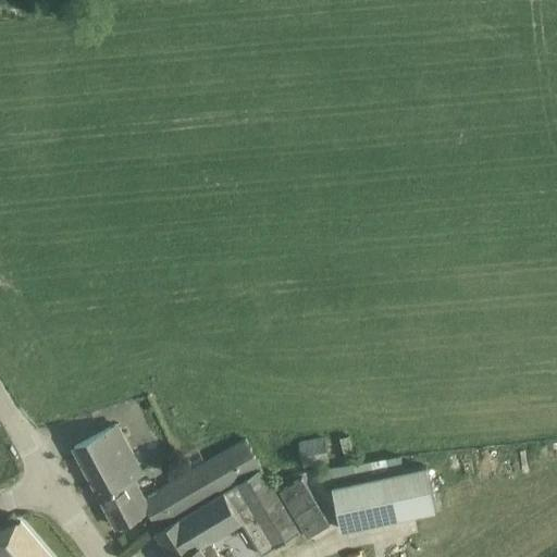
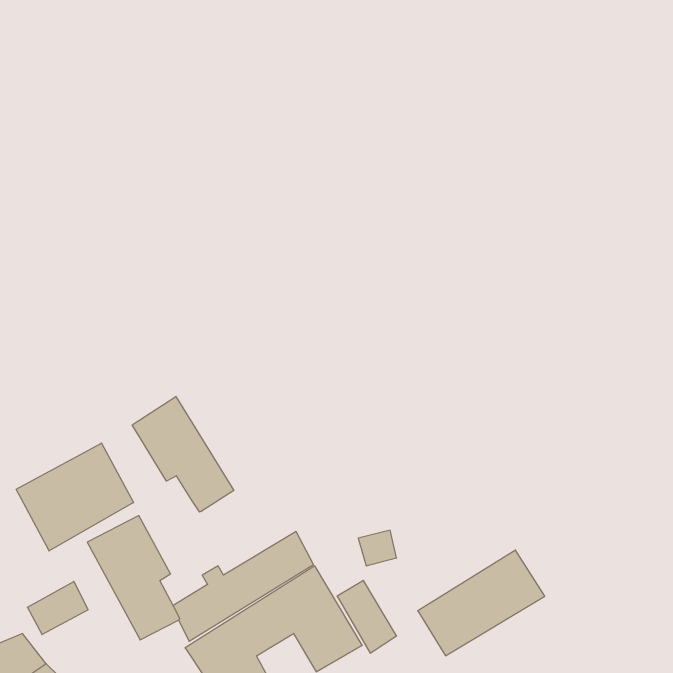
building: none -> [132,396,234,512]
building: none -> [16,443,134,551]
building: none -> [27,581,88,635]

